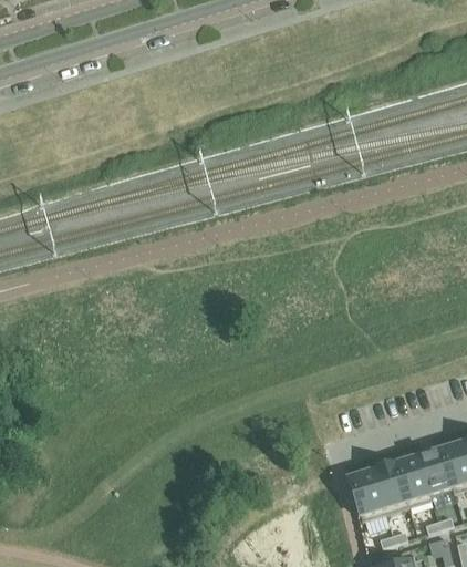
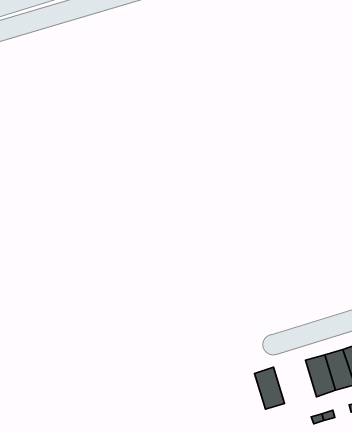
building: [350,465,386,516] -> [254,367,284,409]

